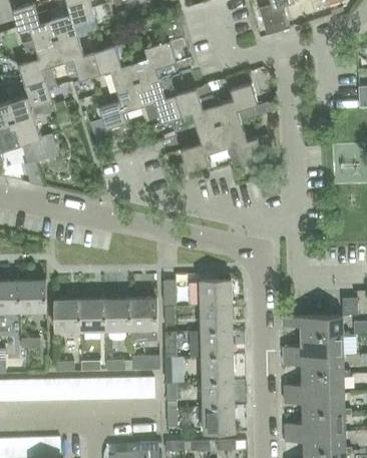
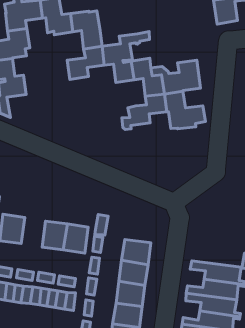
building: [130,38,189,84] -> none
building: [189,281,232,306] -> none
building: [79,300,105,331] -> none

